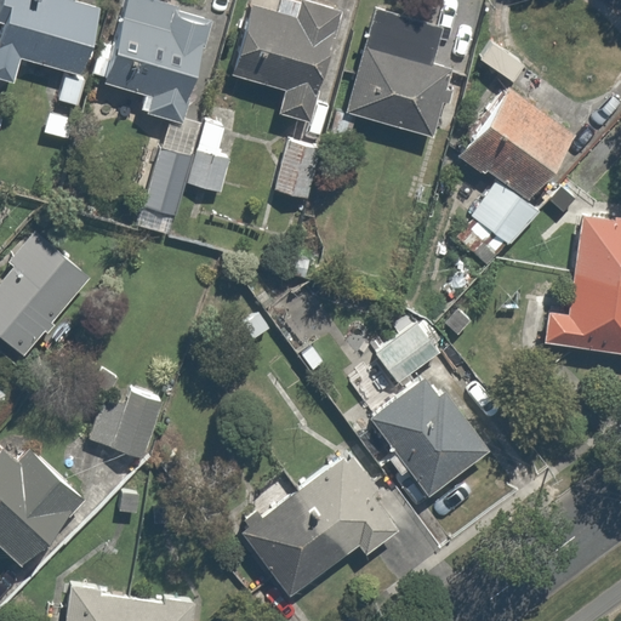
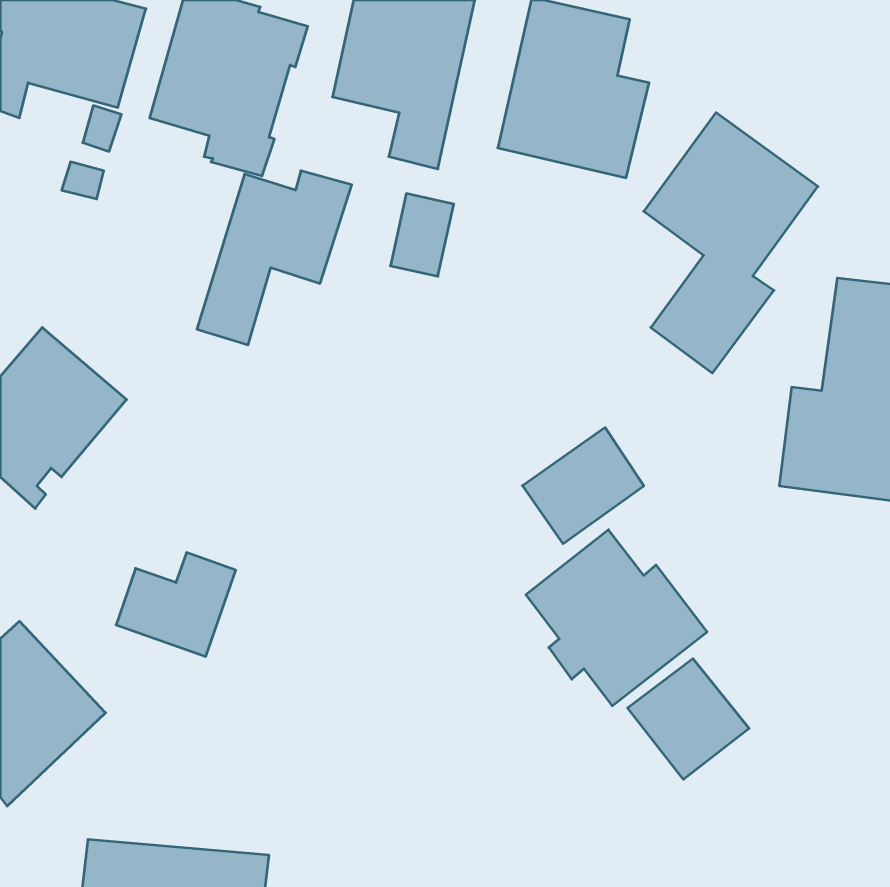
building: [233,454,398,596] -> none
building: none -> [628,659,749,779]

